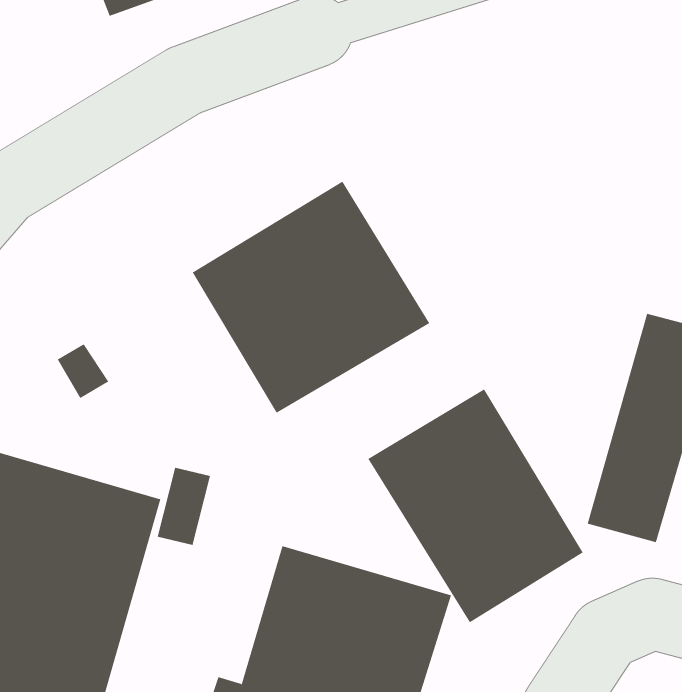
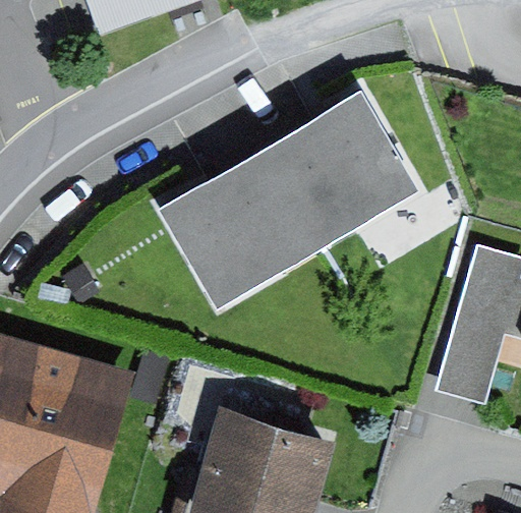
building: none -> [263,92,419,249]
building: [367,389,584,623] -> none

